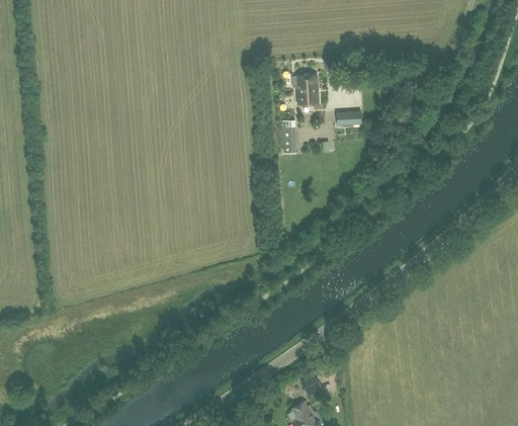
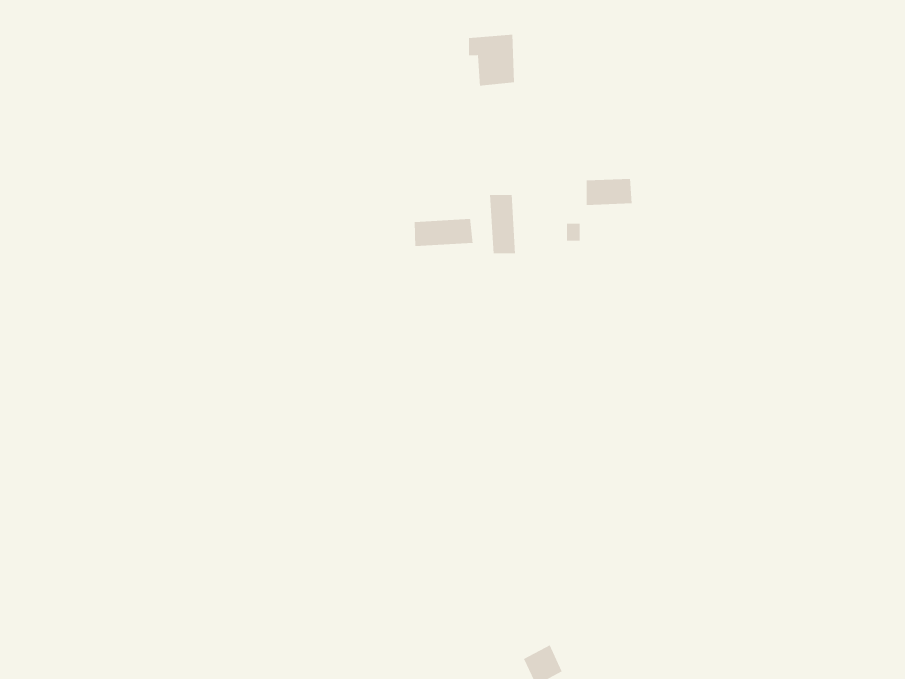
building: [291,76,318,105] -> [468,34,515,86]
building: none -> [414,218,473,247]

